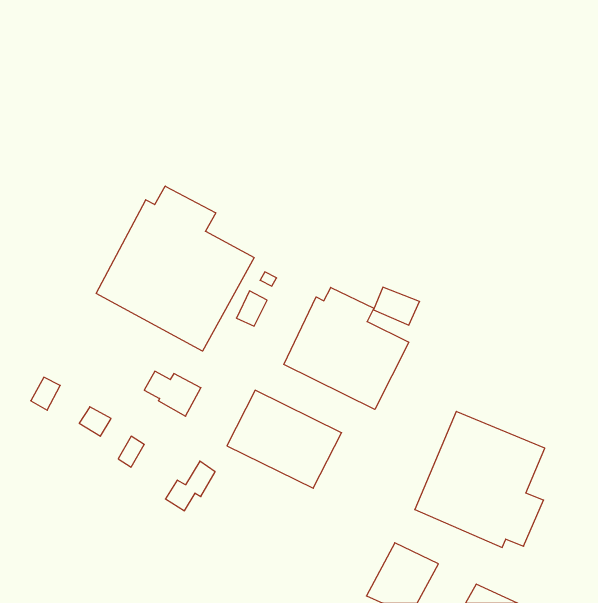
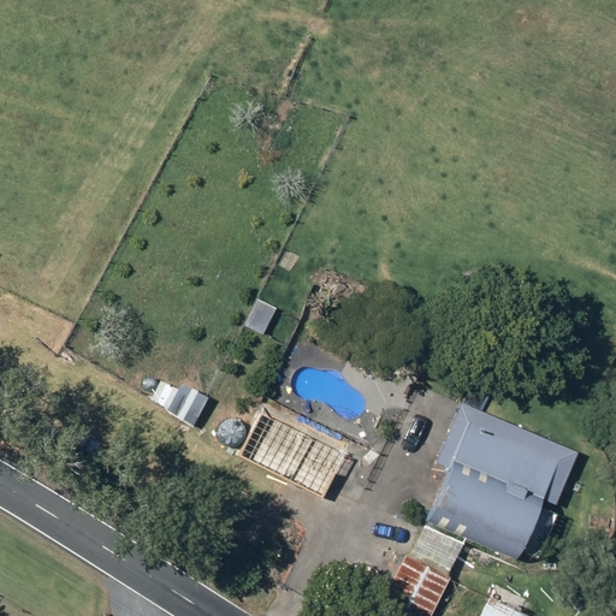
building: [96,186,254,351] -> none
building: [284,287,409,409] -> none

